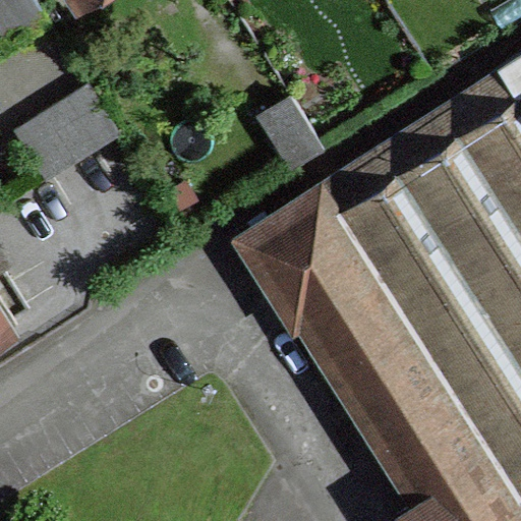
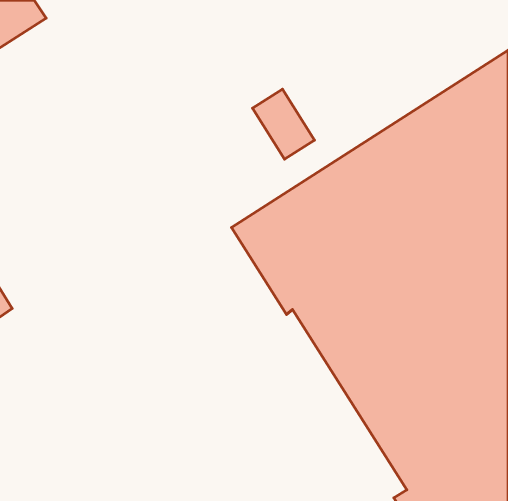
building: [14,90,116,184] -> none

